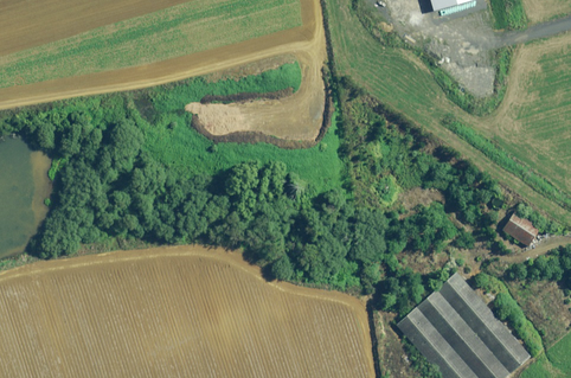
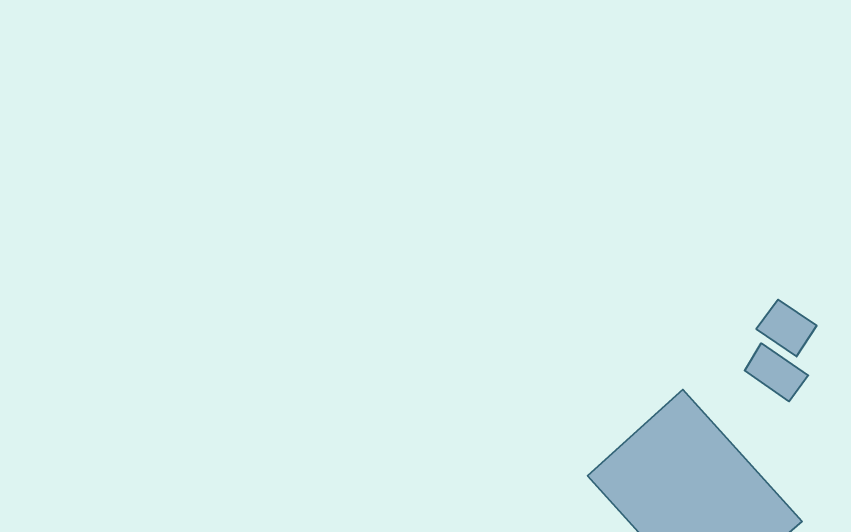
building: none -> [745,343,808,401]

